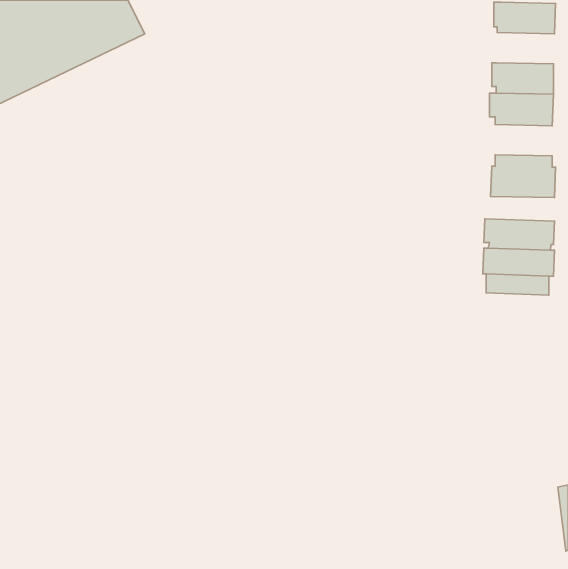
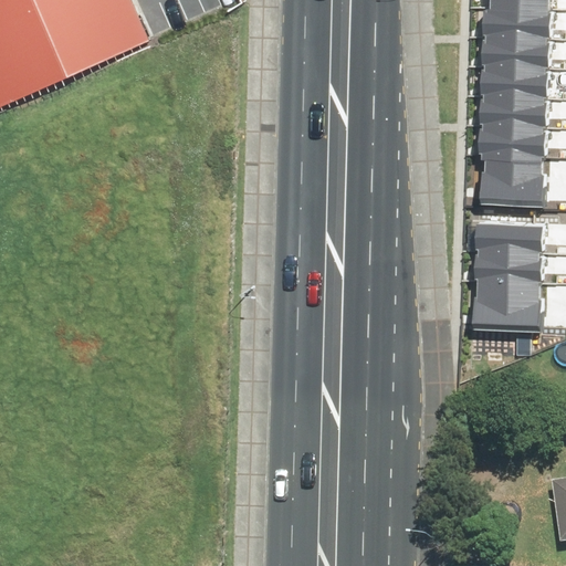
building: none -> [485,36,546,67]
building: none -> [482,126,544,158]
building: none -> [475,293,546,326]

